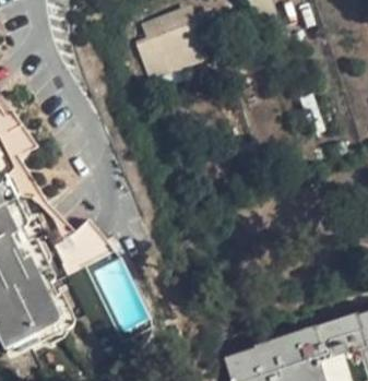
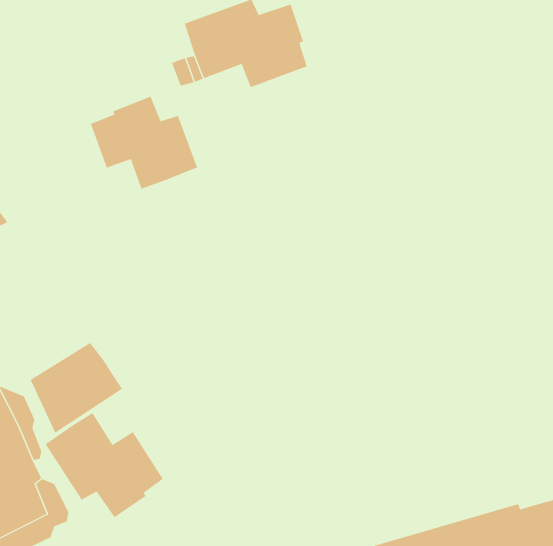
building: none -> [90,96,198,189]
building: none -> [45,412,163,518]

